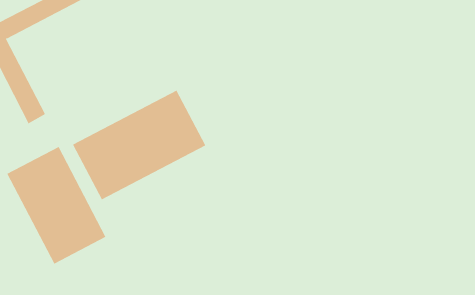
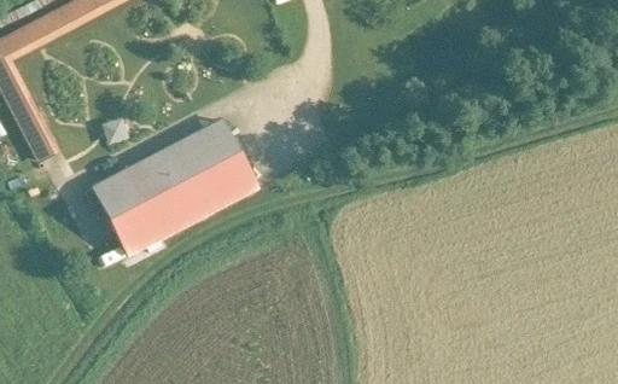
building: [6,146,106,264] -> none

